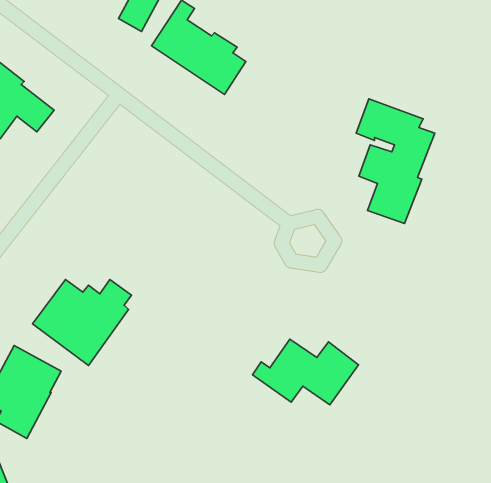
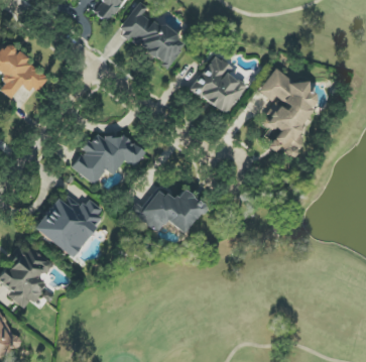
building: none -> [190,55,246,115]
building: none -> [72,133,145,185]
building: [253,339,358,405] -> [130,188,205,234]

